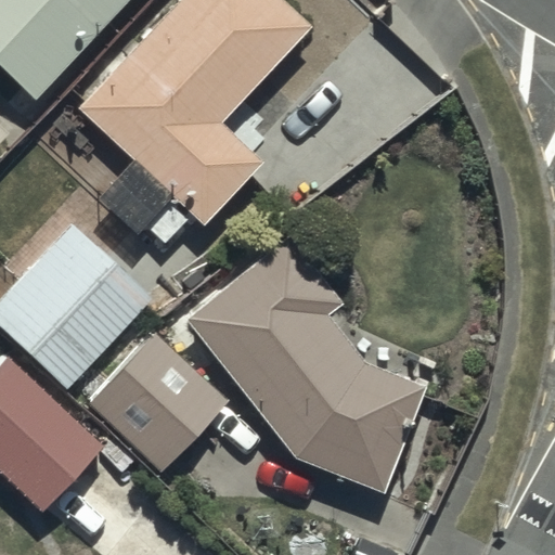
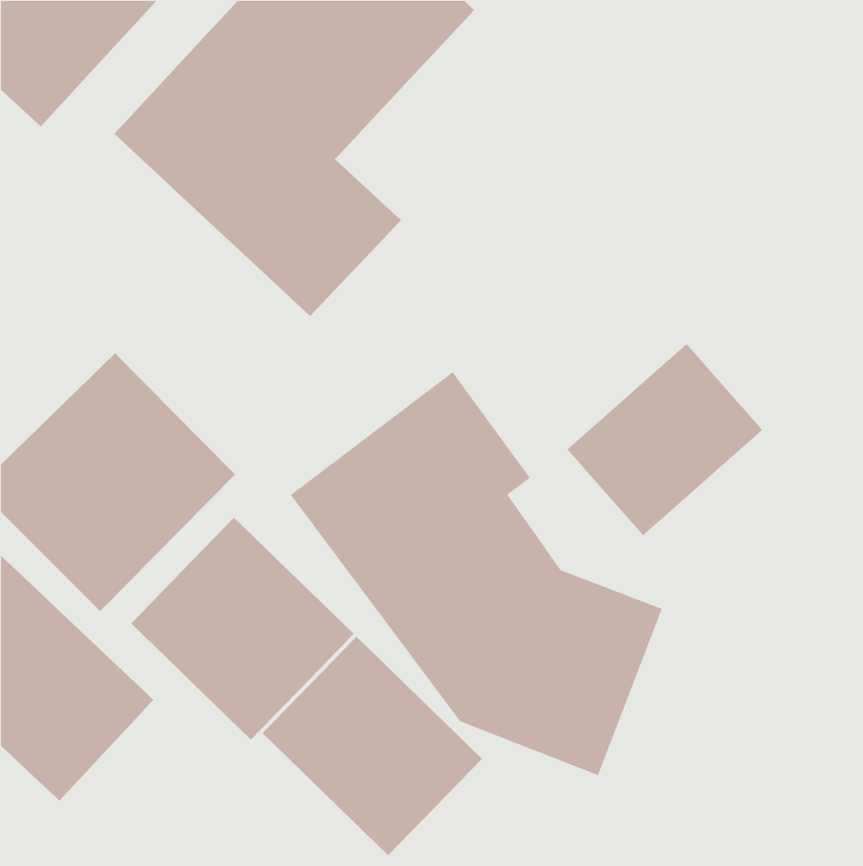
building: none -> [567,343,763,536]
building: none -> [262,636,483,856]

